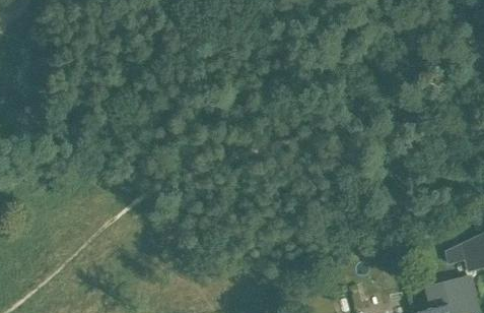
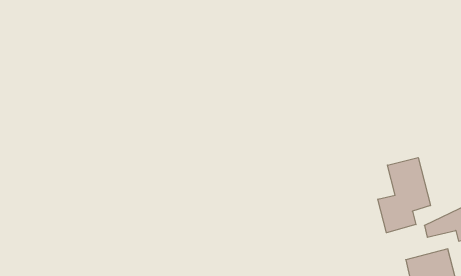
building: none -> [378,158,430,233]

